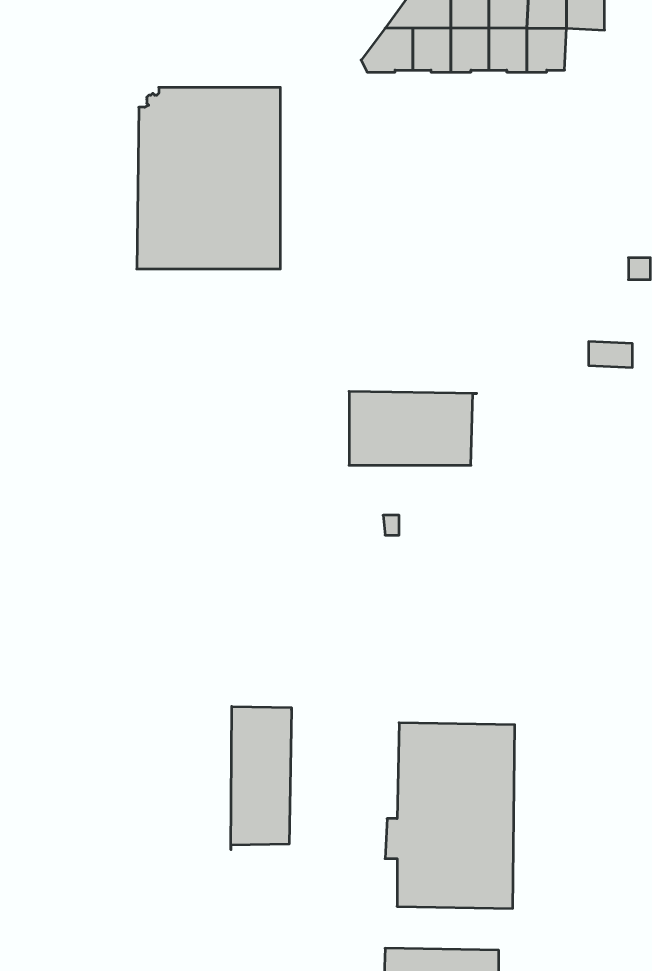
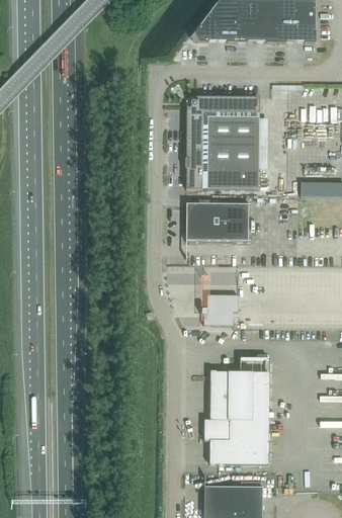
building: none -> [295,19,316,42]
building: [137,87,280,269] -> [186,97,259,189]
building: none -> [200,294,239,326]
building: [231,706,291,850] -> none

